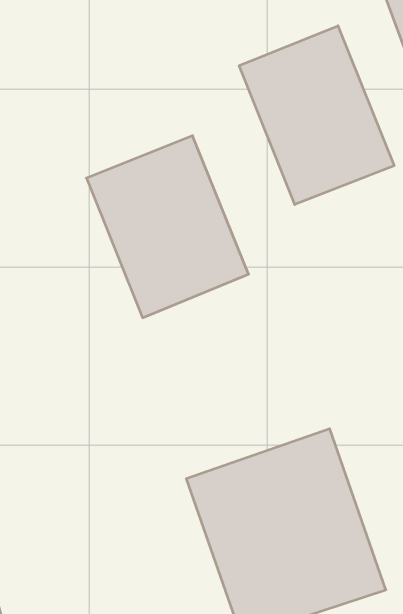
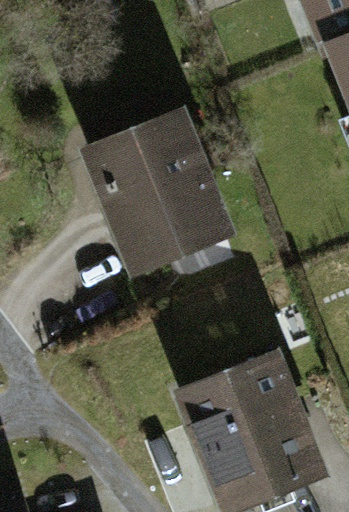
building: [239,26,394,205] -> none

